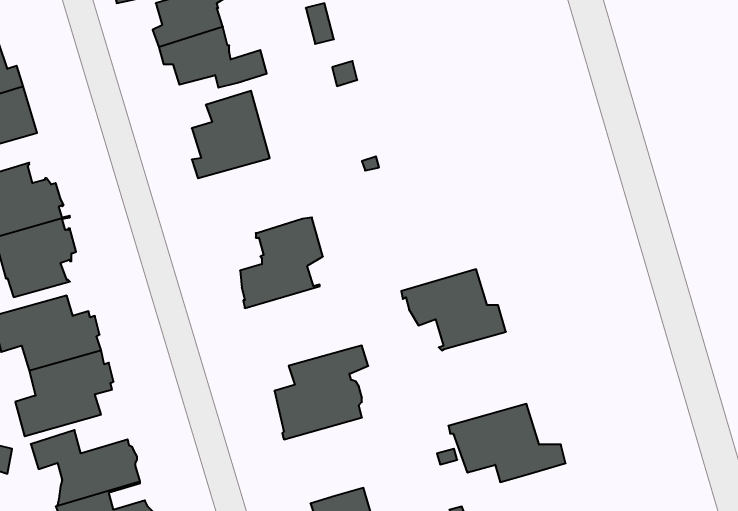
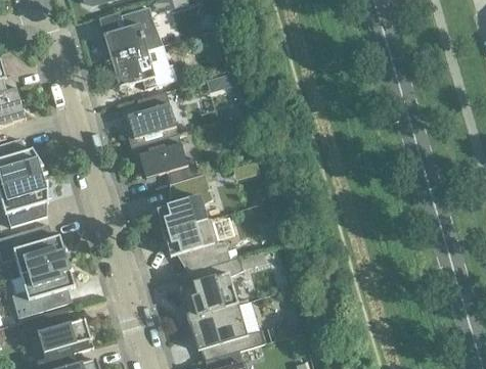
building: none -> [131,135,200,184]
building: [401,269,506,350] -> [162,219,230,272]
building: [448,404,566,482] -> [187,305,264,356]

